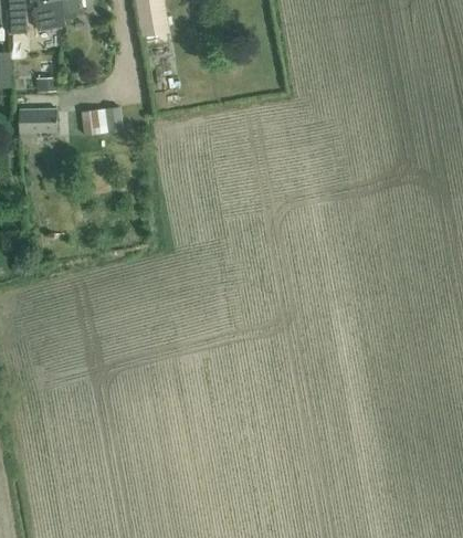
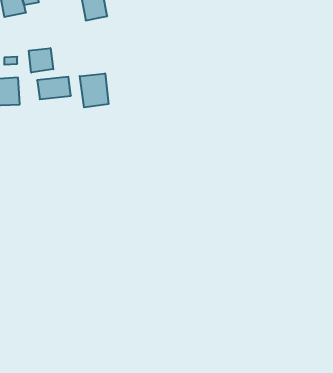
building: none -> [29,48,53,73]
building: none -> [80,73,108,107]

